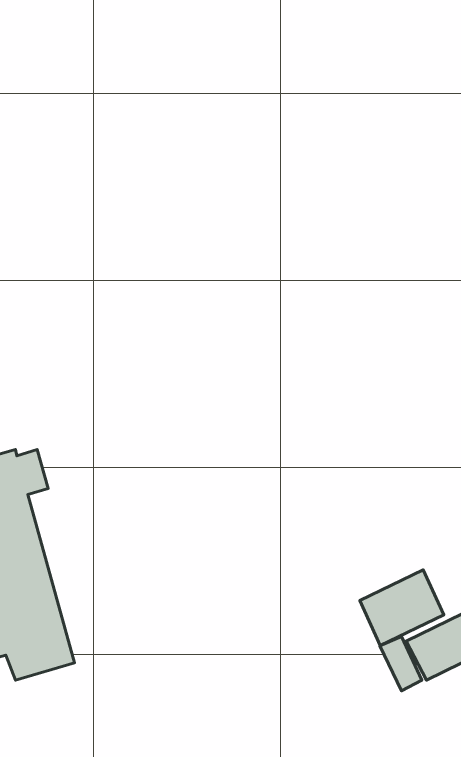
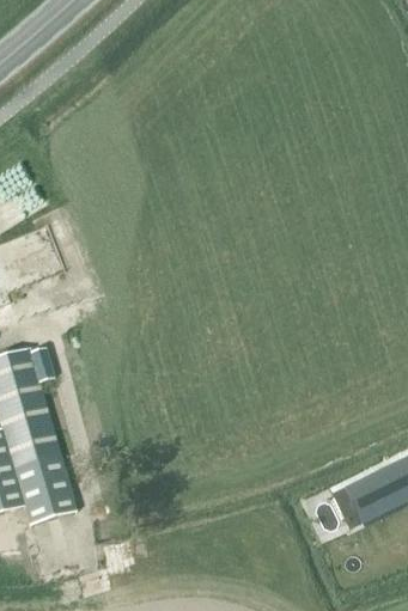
building: [360,570,444,646] -> none

